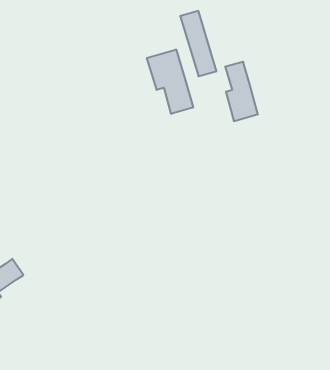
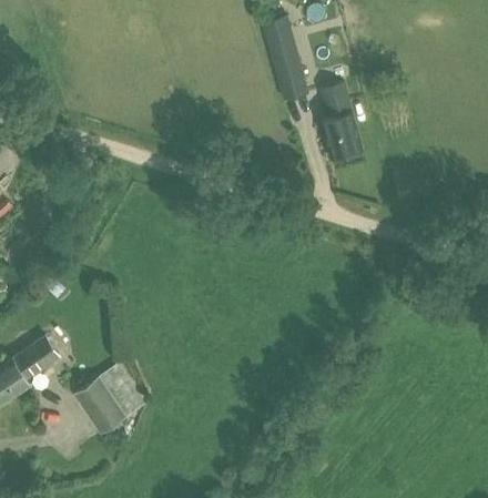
building: [147,49,193,114] -> none
building: none -> [73,364,146,436]

